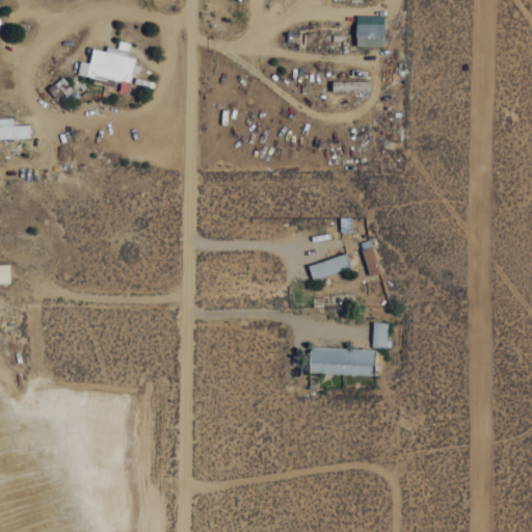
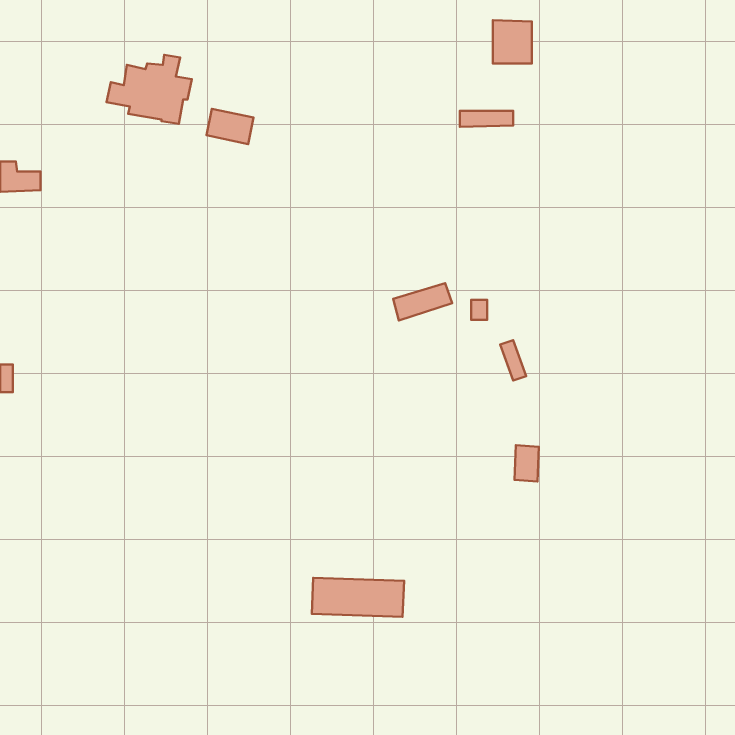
building: none -> [207,109,253,144]
building: [309,254,351,281] -> [393,283,452,321]
building: [310,347,376,375] -> [312,578,404,617]

